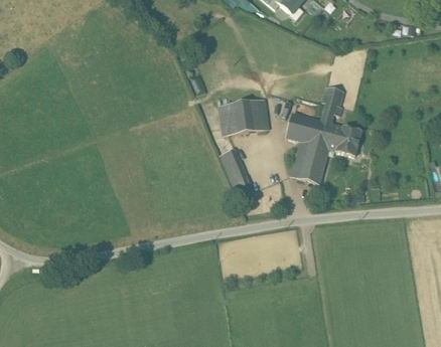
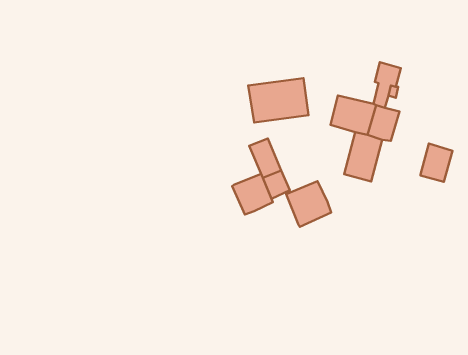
building: [335,125,361,156] -> [420,144,452,182]
building: none -> [232,174,273,214]
building: none -> [286,181,331,227]

